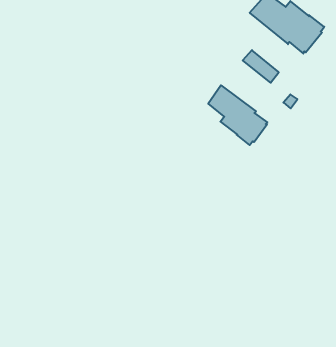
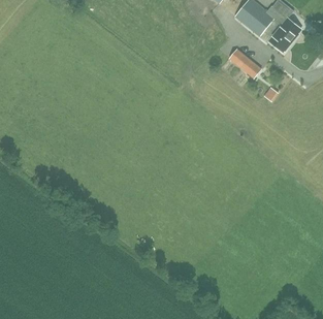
building: [208,85,267,145] -> none

